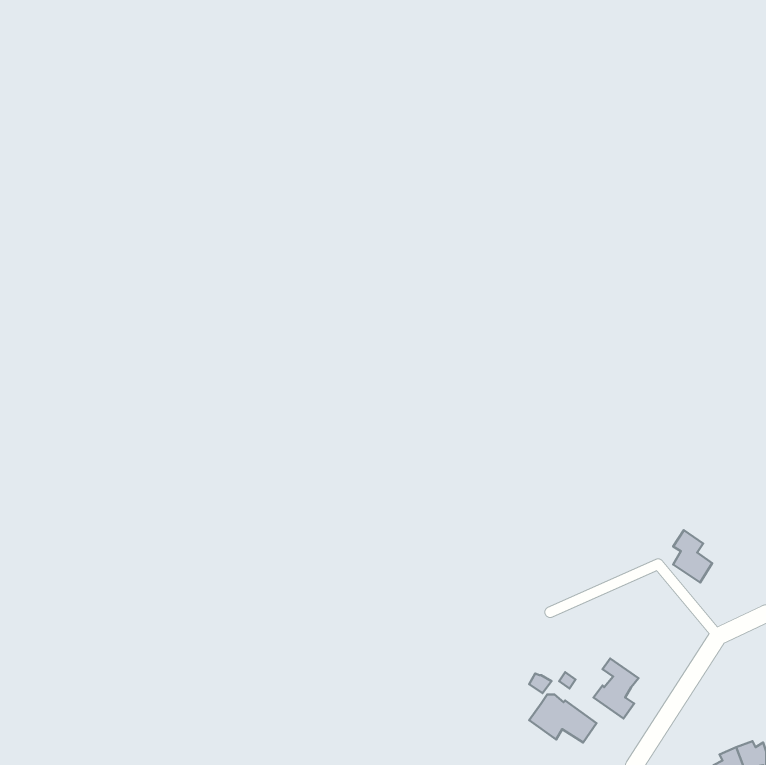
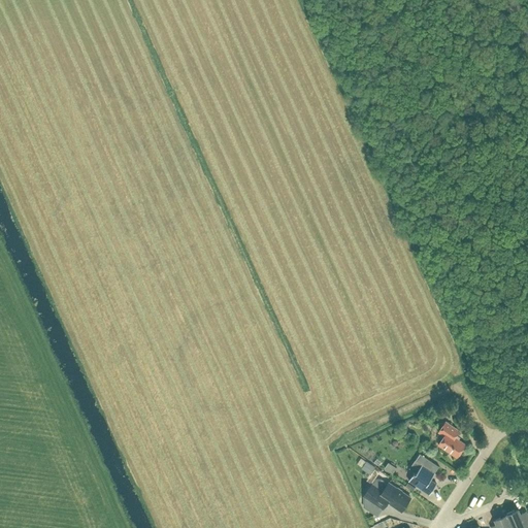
building: [673,530,712,583] -> [438,422,465,458]

